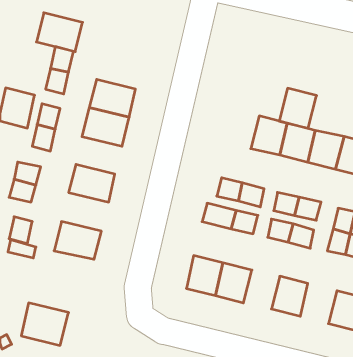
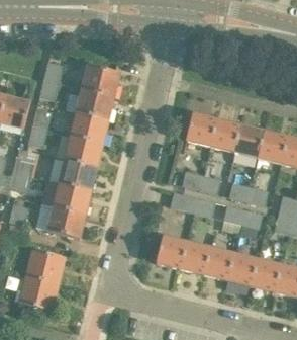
building: [36,13,83,52] -> [81,64,119,96]
building: [279,88,317,128] -> [185,112,216,146]
building: none -> [64,136,102,167]
building: none -> [52,182,91,215]
building: none -> [203,247,233,279]
building: none -> [24,248,65,282]
building: none -> [251,258,281,291]

